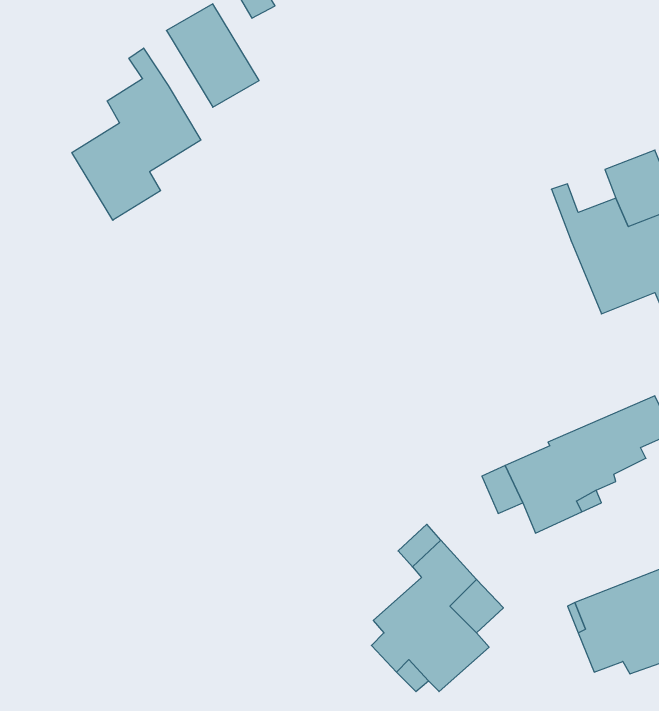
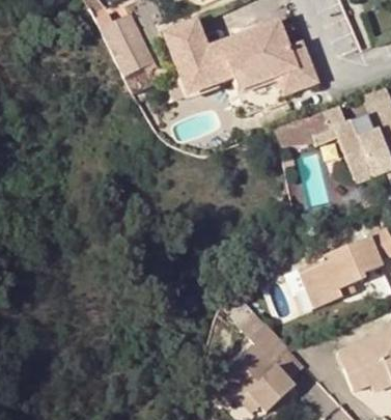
building: none -> [172,12,319,84]
building: [72,48,201,220] -> none
building: none -> [278,112,337,149]

